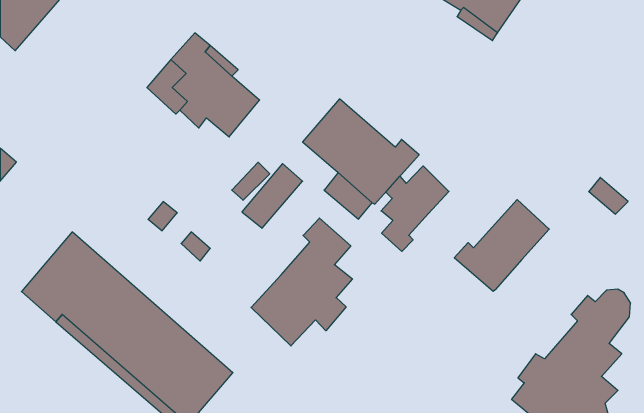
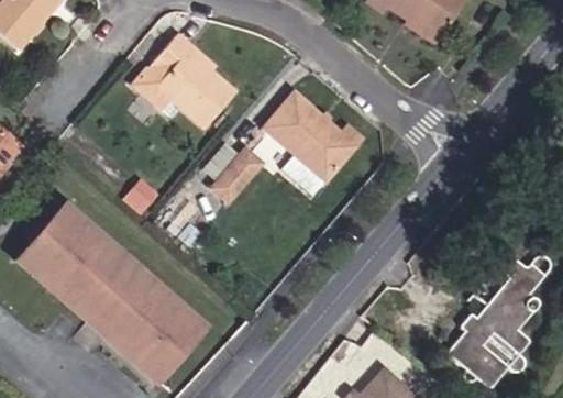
building: [381,166,449,251] -> none
building: [454,200,549,291] -> none
building: [251,218,352,346] -> none

